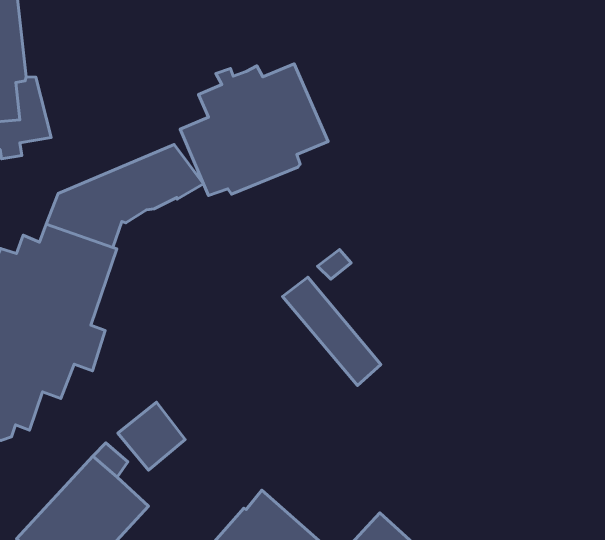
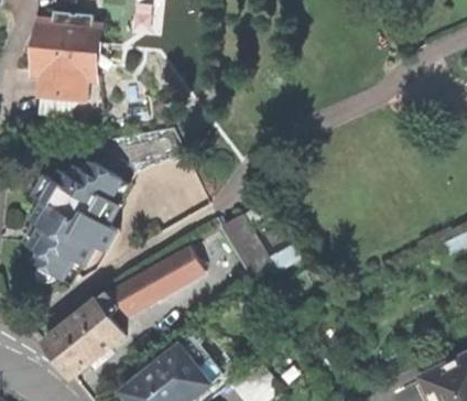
building: [180,64,328,196] -> none
building: none -> [138,246,204,300]

